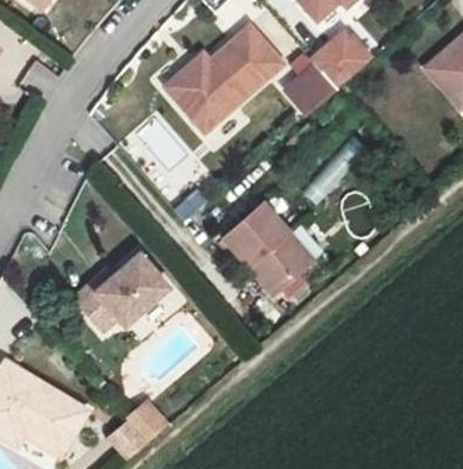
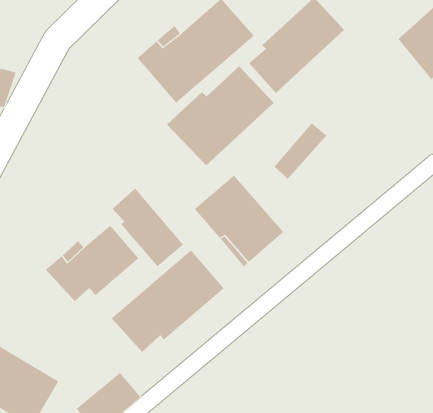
building: none -> [166,65,274,166]
building: none -> [112,188,184,267]
building: none -> [111,249,225,353]

